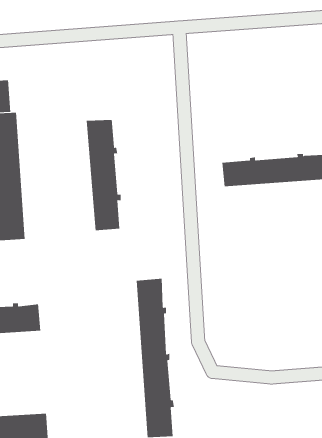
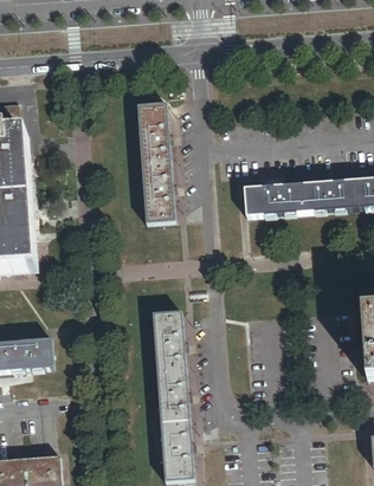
building: [86,119,121,231] -> [137,104,175,222]

